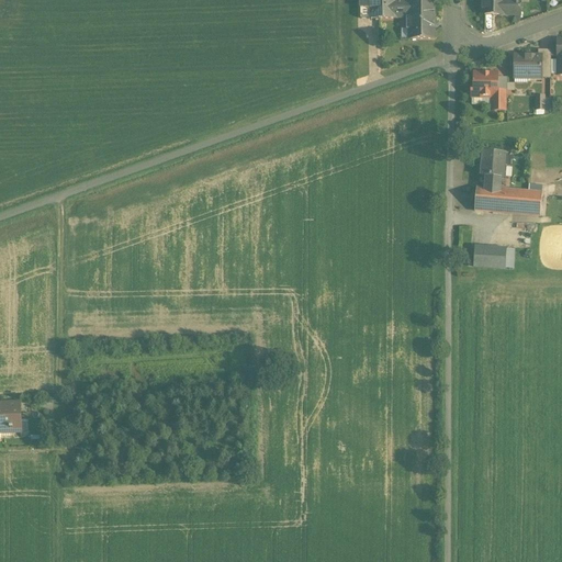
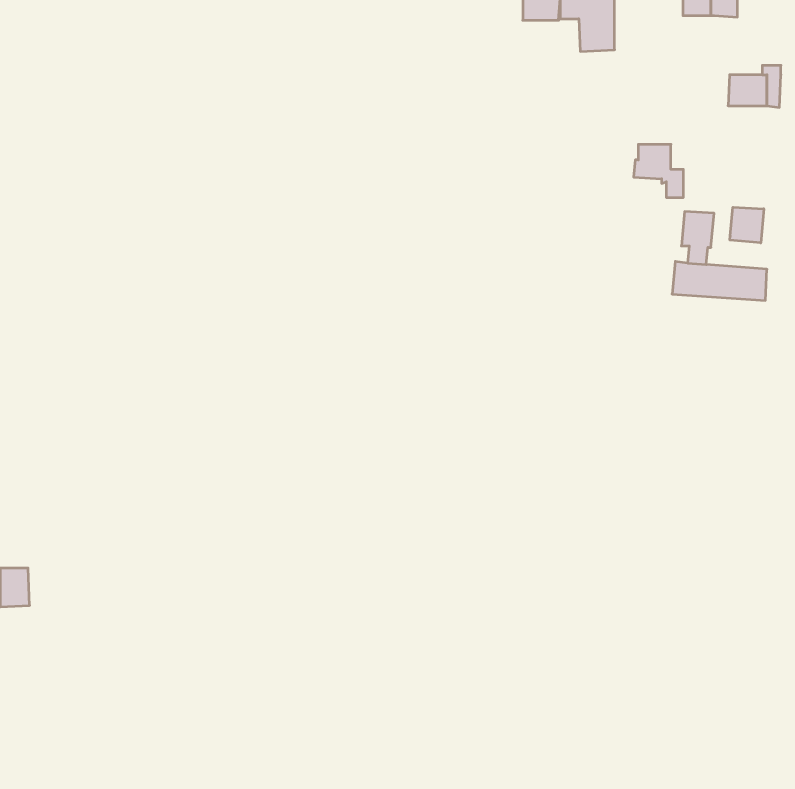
building: [471,70,506,108] -> [634,144,683,197]
building: none -> [730,207,764,243]
building: [474,244,506,266] -> none

